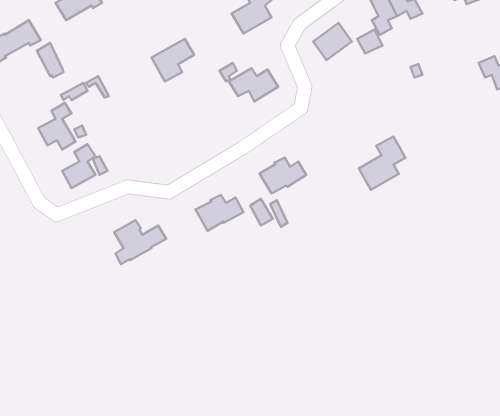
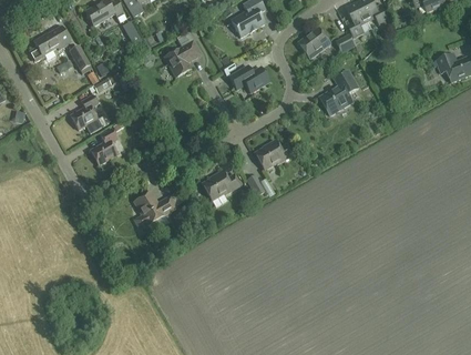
building: [359,136,406,190] -> [319,70,358,114]

